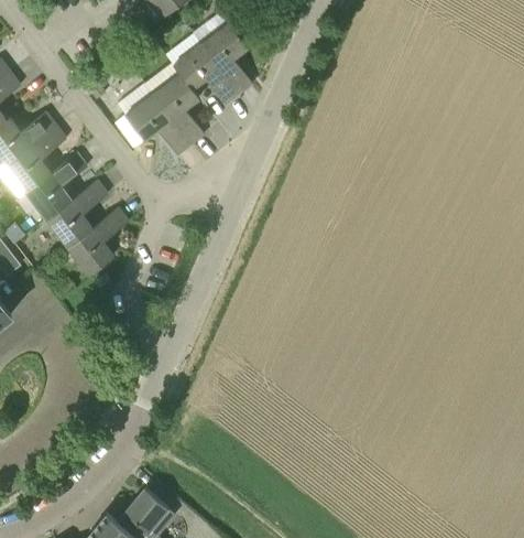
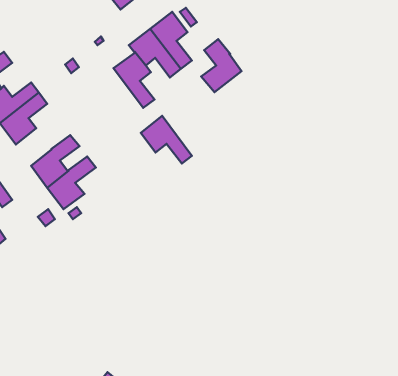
building: none -> [201,39,241,92]
building: [124,93,190,154] -> [141,116,192,163]
building: [25,152,87,219] -> none

